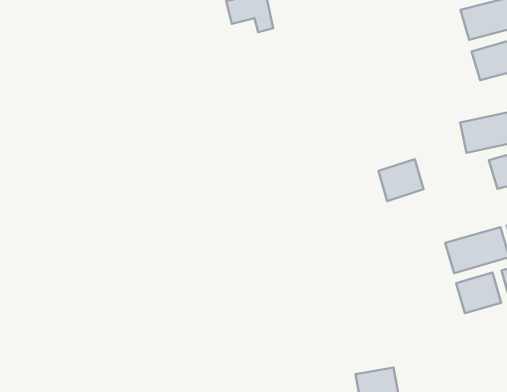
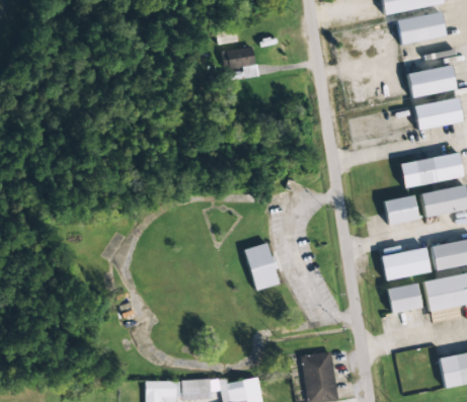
building: [378,159,424,201] -> [384,194,418,226]
building: none -> [244,243,280,291]

